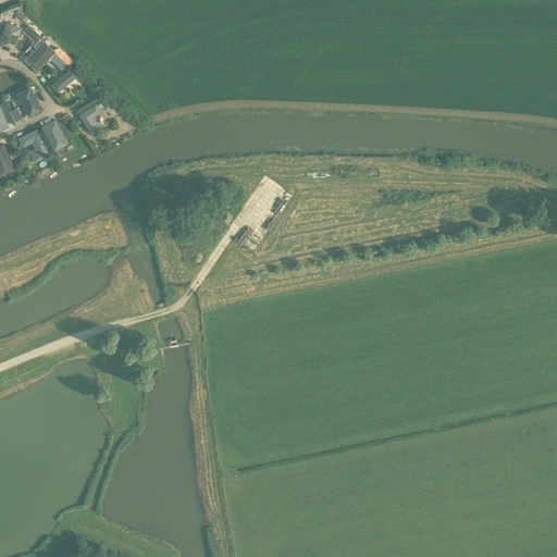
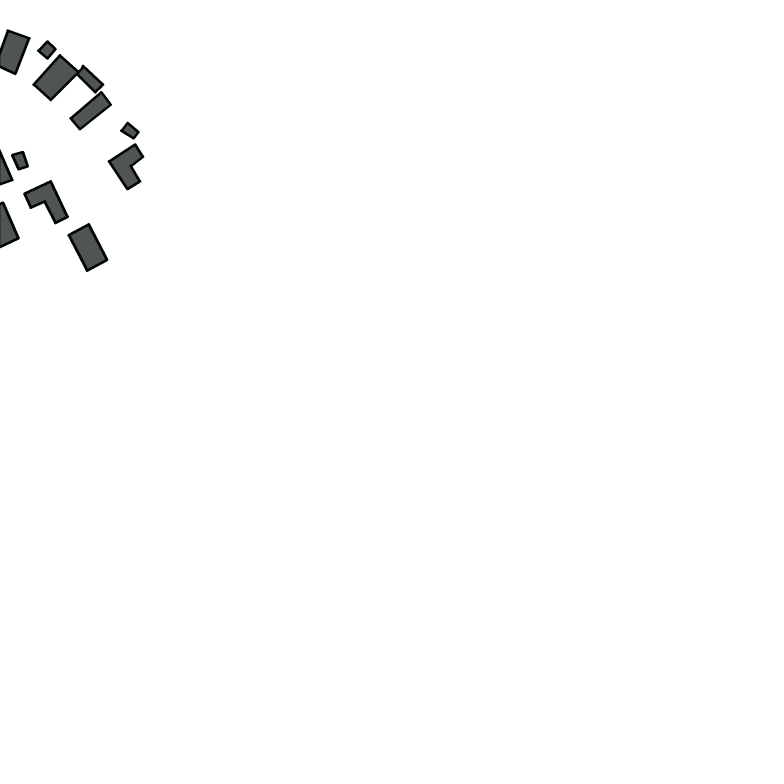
building: [15,87,42,117] -> none
building: [40,120,67,152] -> [69,224,107,271]

